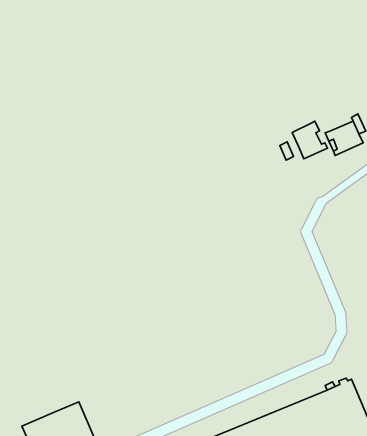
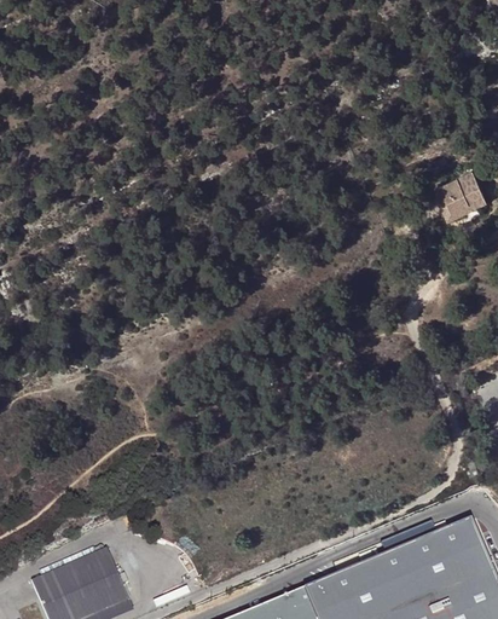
building: [292,121,327,159] -> none

